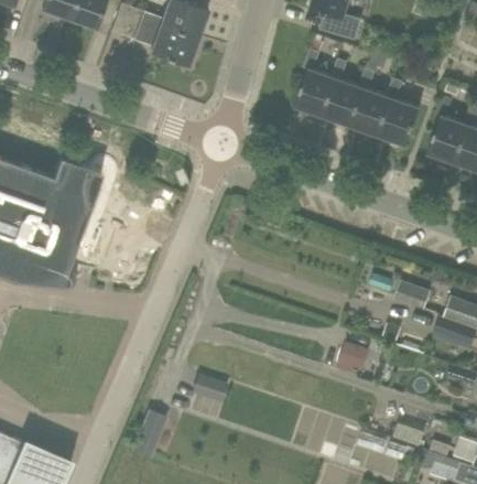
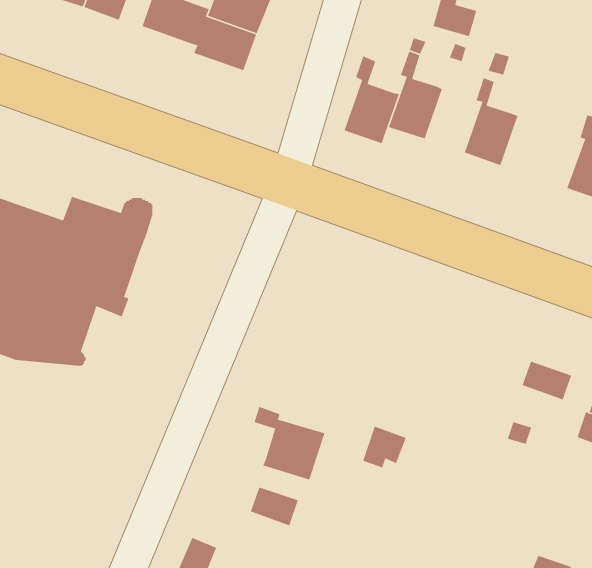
building: [322,60,364,126] -> [343,55,400,144]
building: [378,79,419,146] -> none
building: none -> [253,406,325,481]
building: [336,342,369,374] -> [362,425,407,468]

